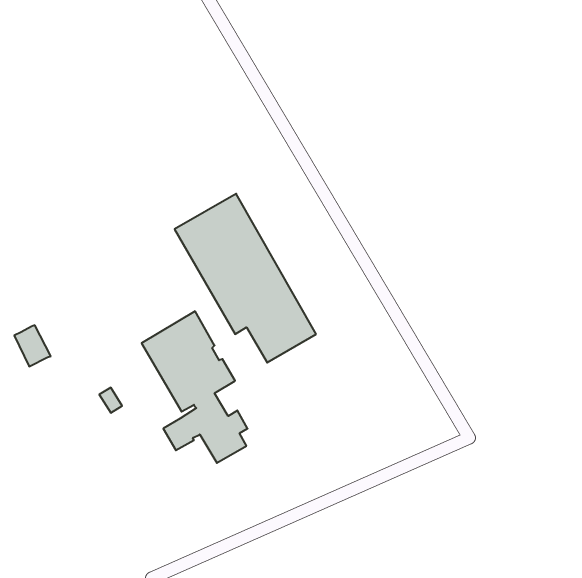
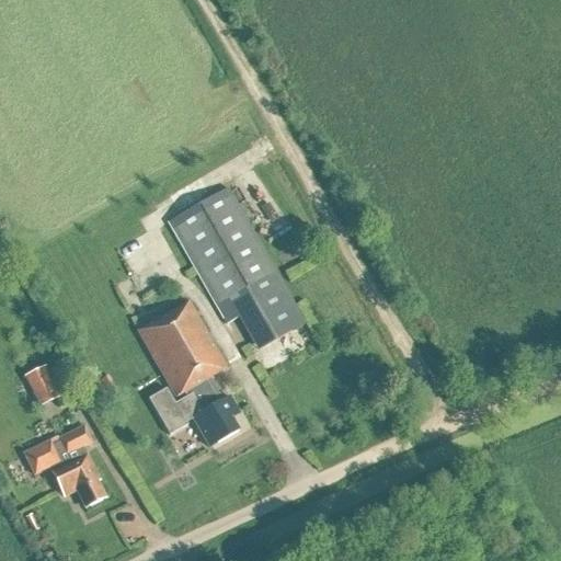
building: [14,325,51,366] -> [25,365,60,404]
building: none -> [23,424,104,505]

